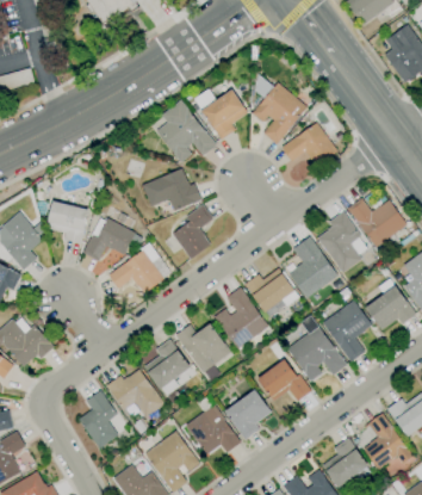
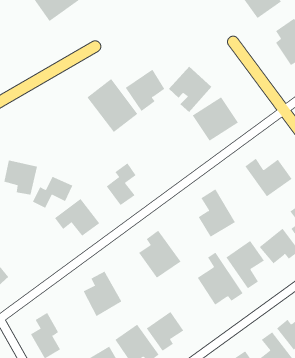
building: [144,168,201,211] -> none
building: [317,211,370,272] -> none
building: [244,268,299,318] -> none
building: [175,323,231,373] -> none
building: [257,359,309,401] -> none
building: [106,369,165,417] -> none

